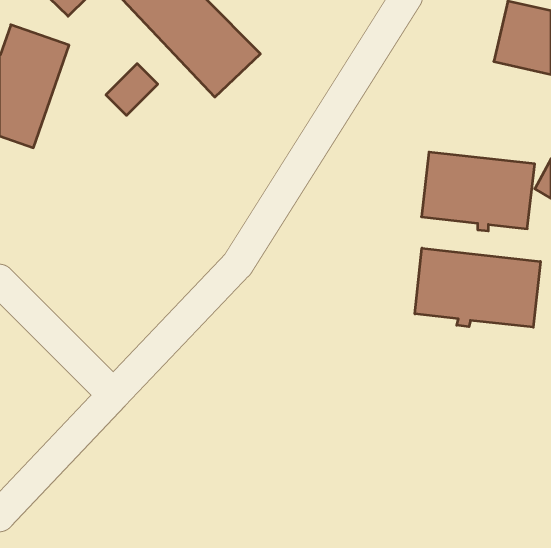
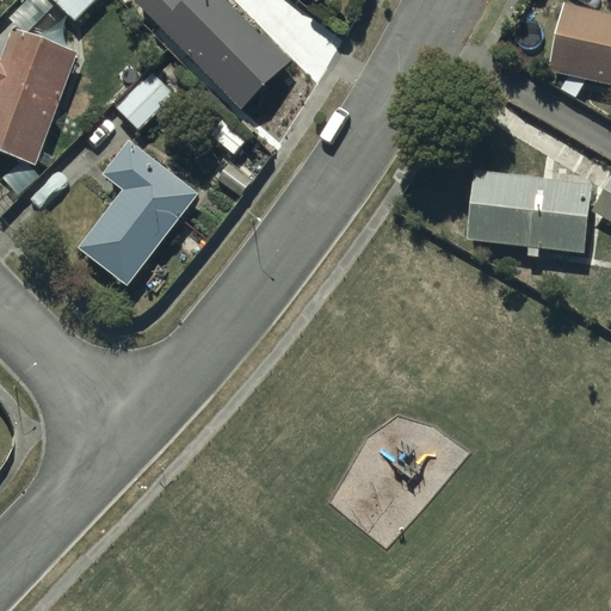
building: none -> [80,138,199,283]
building: [415,248,540,327] -> none

